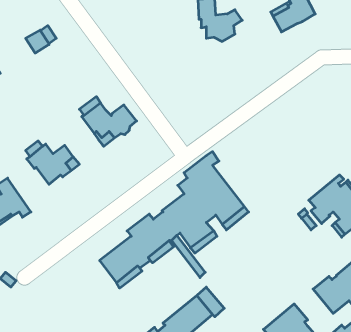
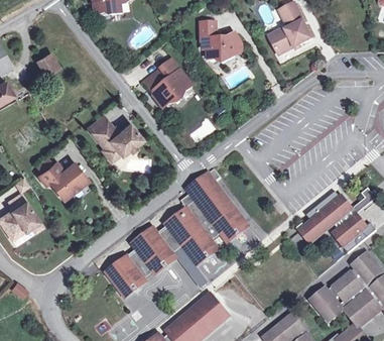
building: none -> [146,60,193,108]

